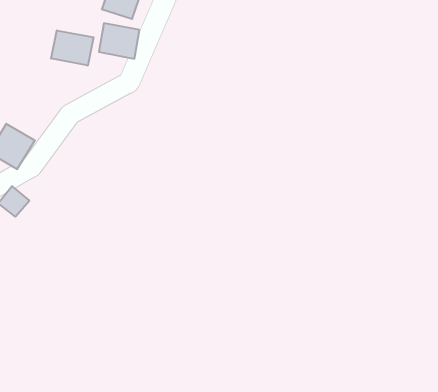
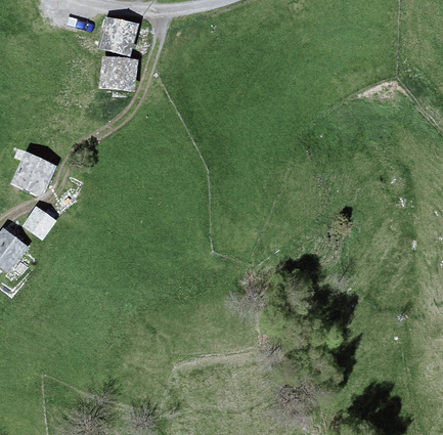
building: [51,30,94,66] -> none

